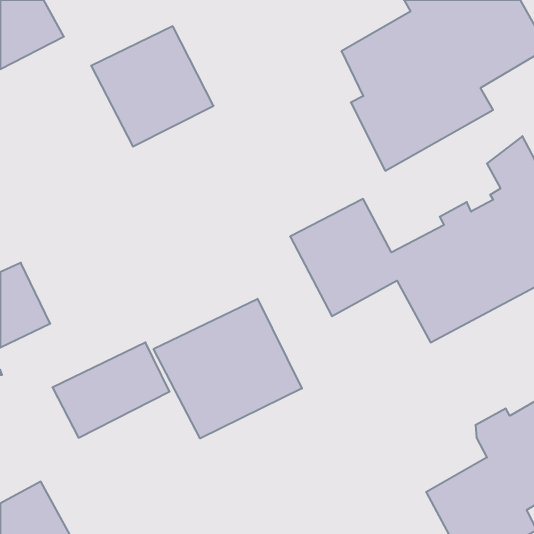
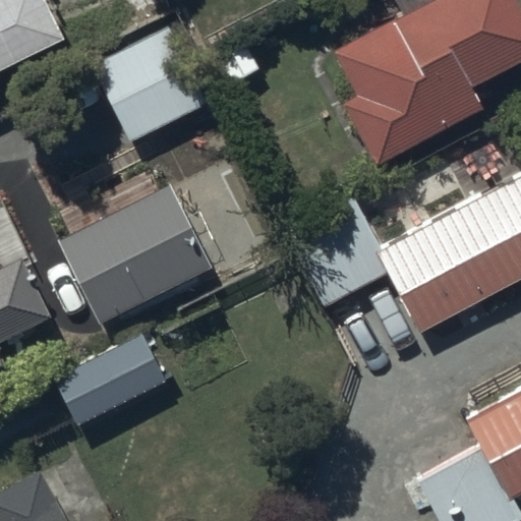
building: none -> [57,183,213,324]
building: [154,299,302,438] -> none

